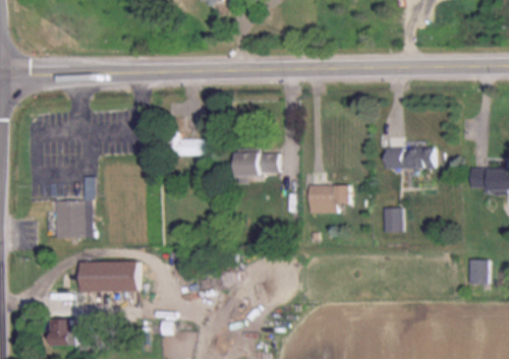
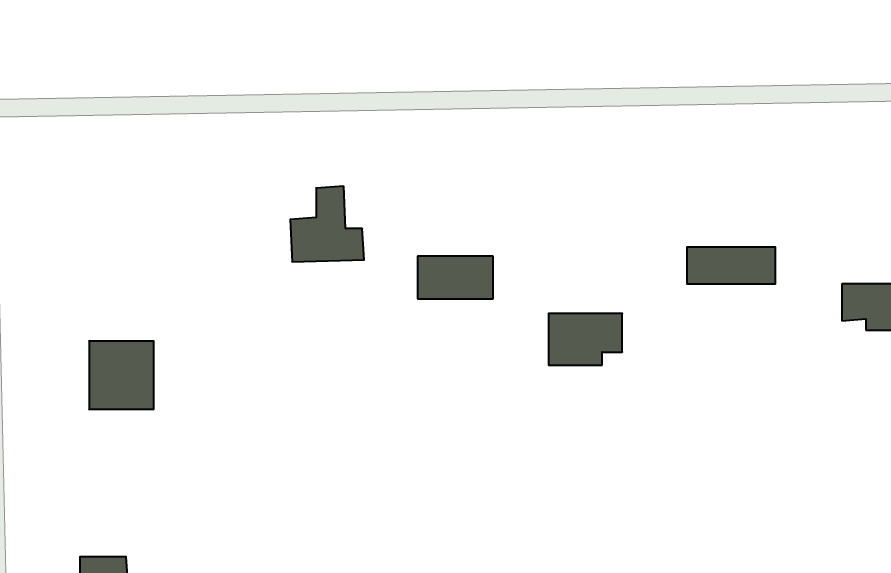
building: [383,208,400,232] -> none
building: [466,259,486,284] -> none
building: [80,262,136,292] -> none

